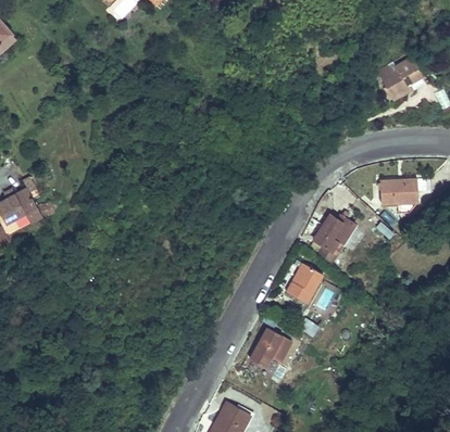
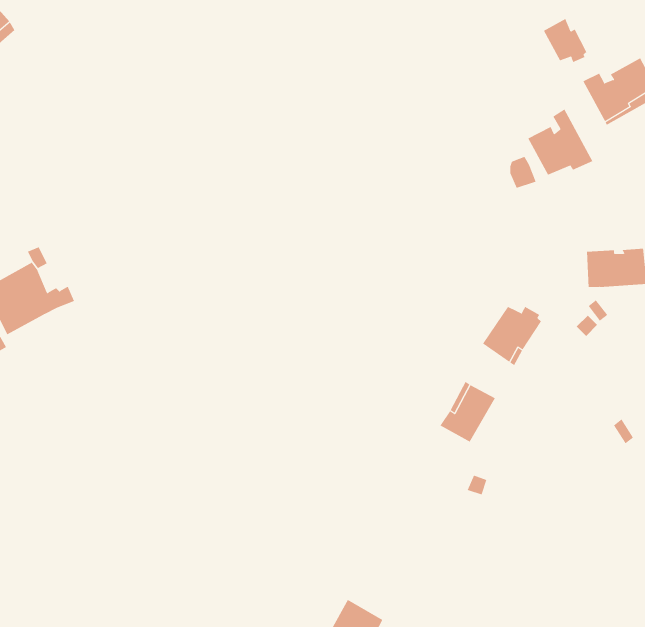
building: none -> [543,18,587,63]
building: none -> [527,108,593,175]
building: [246,323,291,371] -> none

